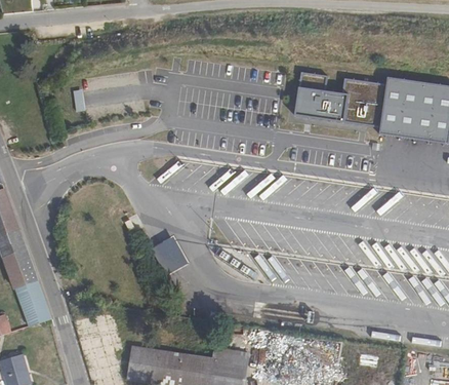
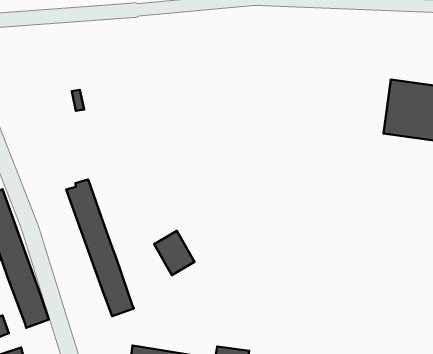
building: [294,73,386,130] -> none
building: none -> [66,180,134,316]

